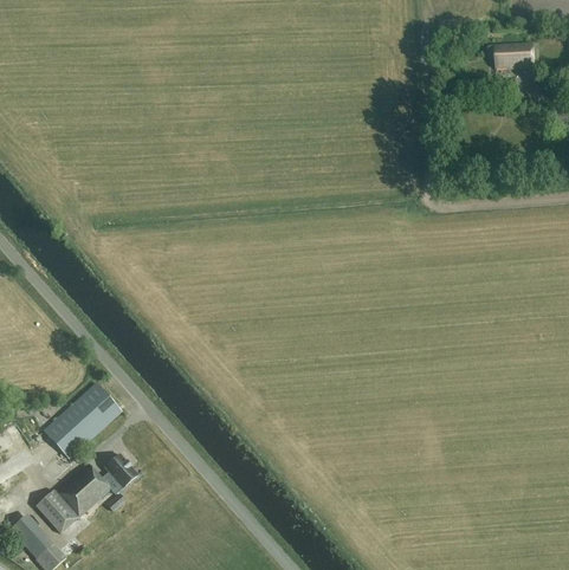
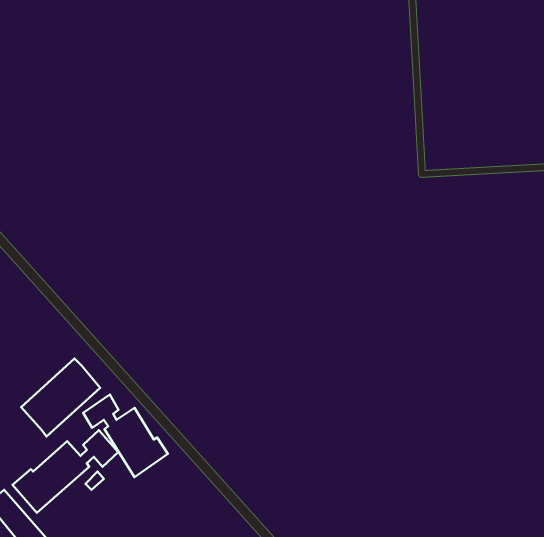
building: [486,44,534,67] -> none
building: none -> [83,395,168,477]

